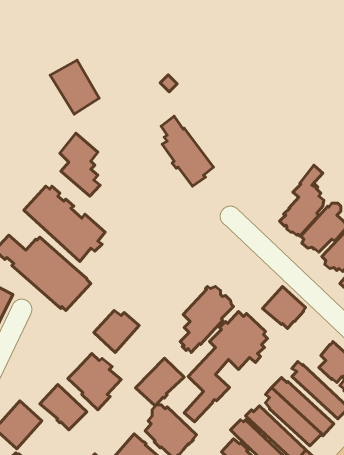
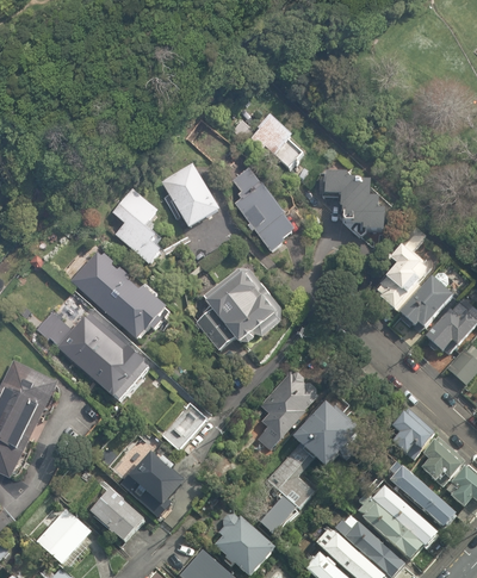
building: [50,60,99,114] -> [161,163,219,228]
building: none -> [248,114,304,168]
building: none -> [324,170,385,235]
building: none -> [196,267,281,350]
building: [262,286,306,329] -> [384,409,435,459]
building: [135,358,184,406] -> none

